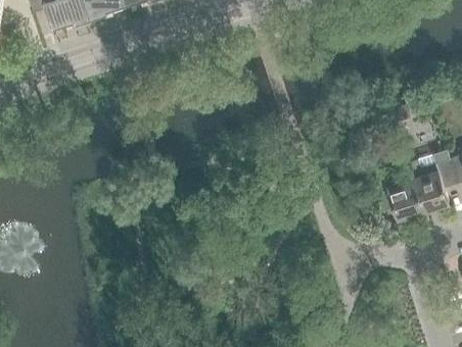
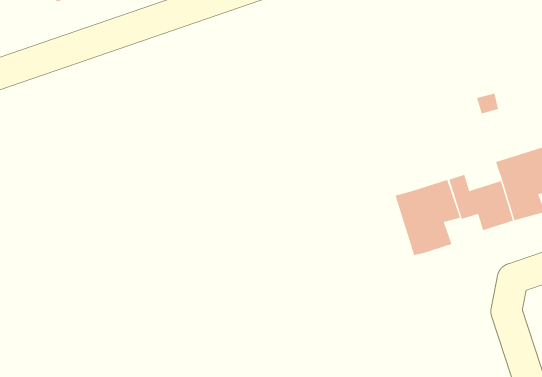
building: none -> [395,179,461,256]

